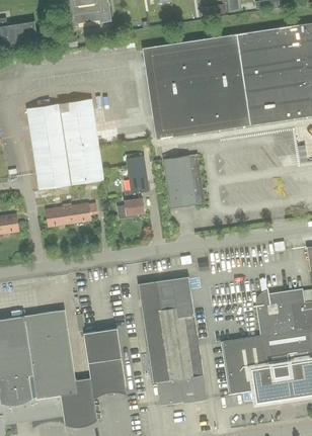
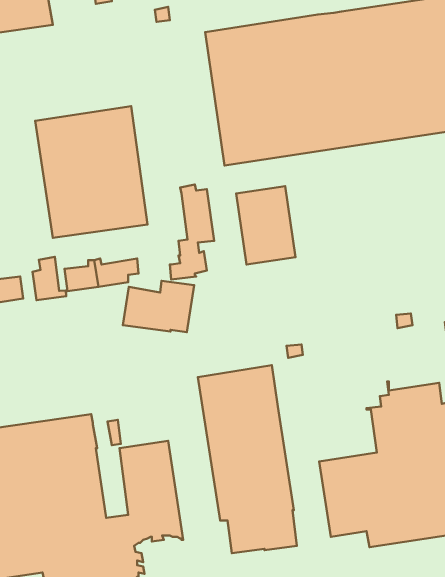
building: none -> [33,257,66,300]
building: none -> [123,281,194,332]

